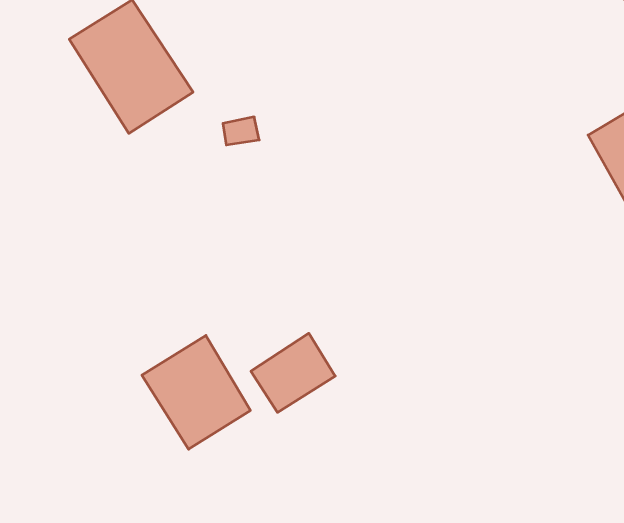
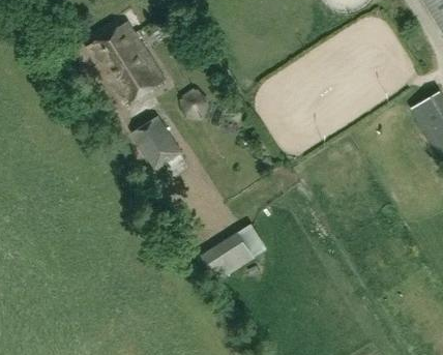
building: none -> [130,115,181,170]
building: [142,335,250,449] -> none

